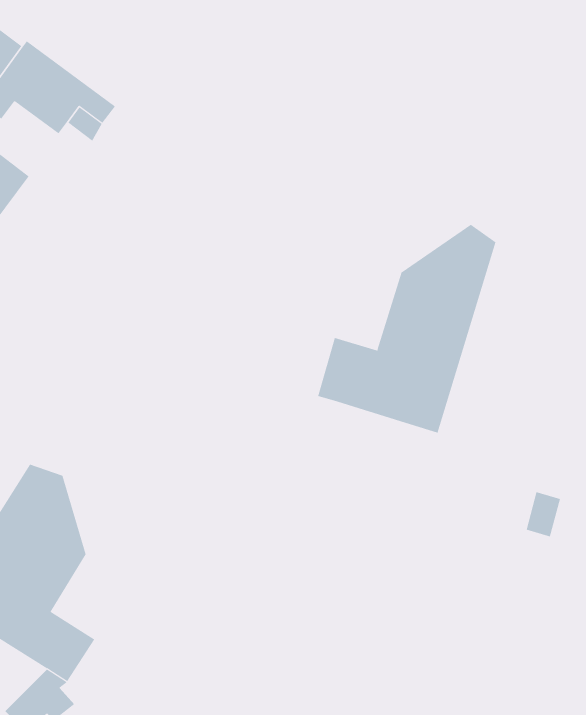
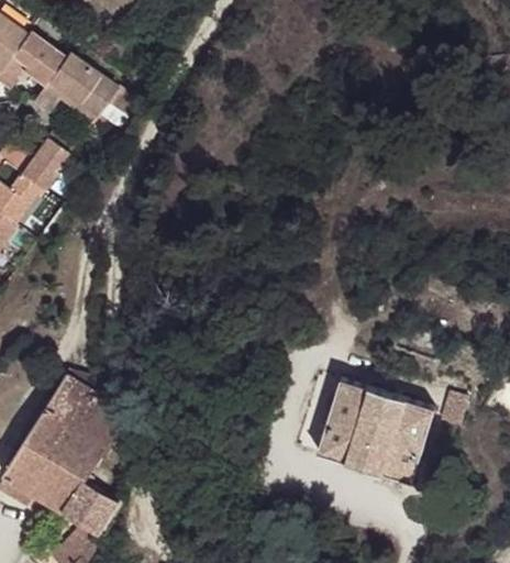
building: [317,224,496,434] -> none
building: none -> [319,379,436,483]

